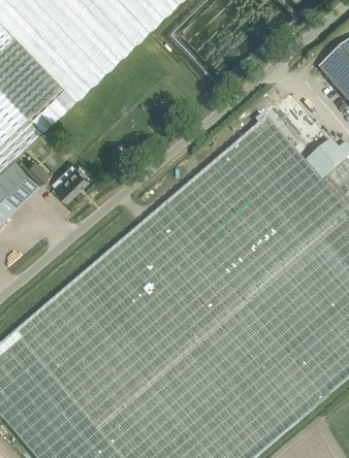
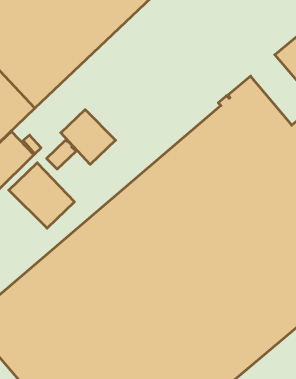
building: none -> [61,110,116,164]
building: none -> [9,163,74,228]

